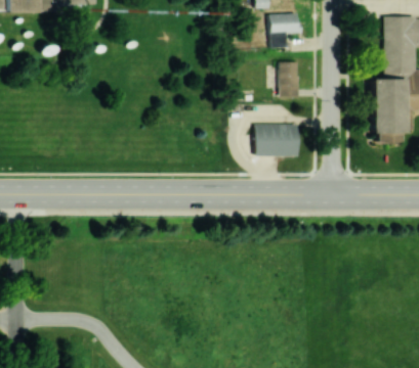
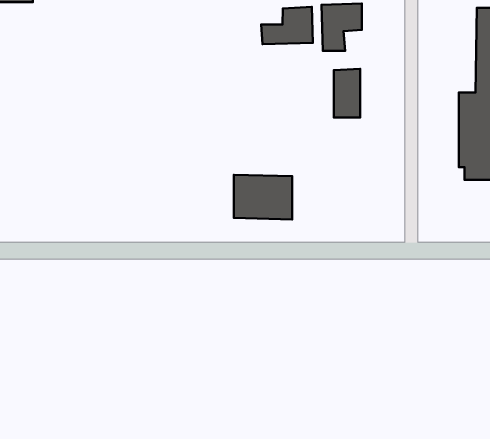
building: none -> [261,7,313,44]
building: [256,123,299,155] -> [234,175,292,219]

